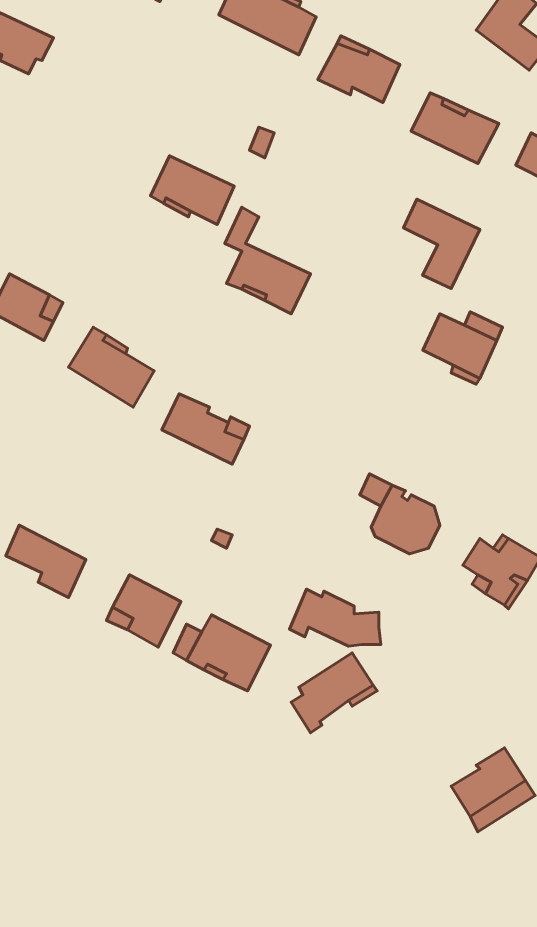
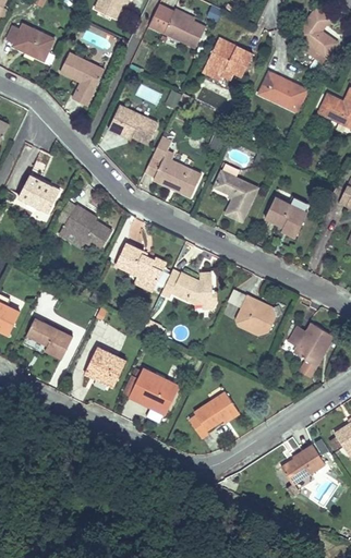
building: none -> [59,53,104,107]
building: [404,199,480,289] -> [214,170,257,221]
building: [289,589,381,646] -> [160,270,213,303]

